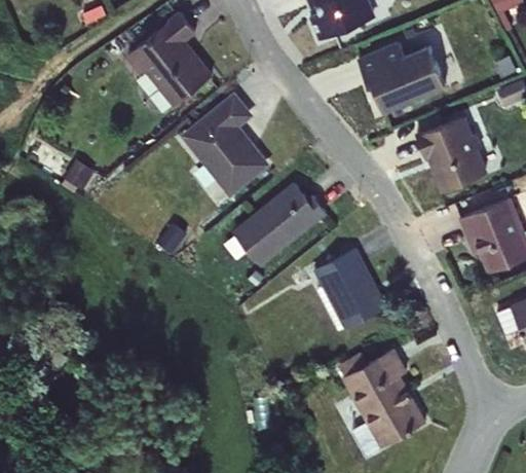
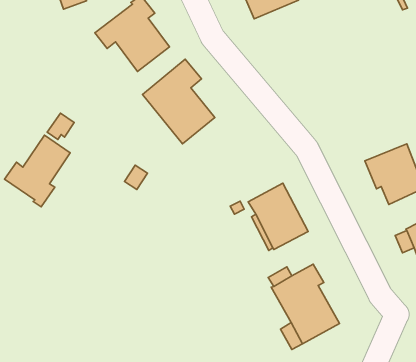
building: [358,41,446,114] -> none
building: [414,116,488,193] -> none
building: [232,182,327,266] -> none
building: none -> [4,135,70,207]

